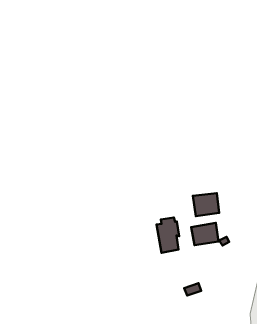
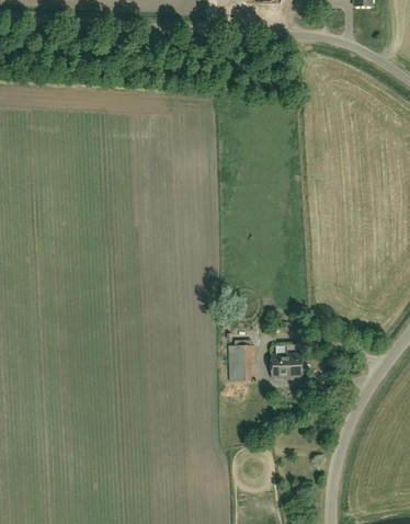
building: [193,193,219,216] -> none

